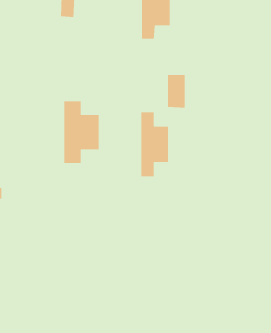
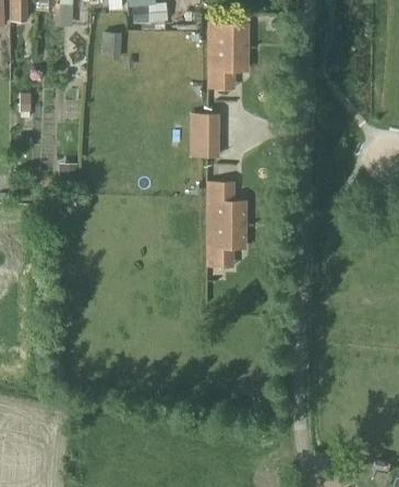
building: [167,74,186,108] -> [193,114,217,159]
building: [63,101,99,164] -> none

